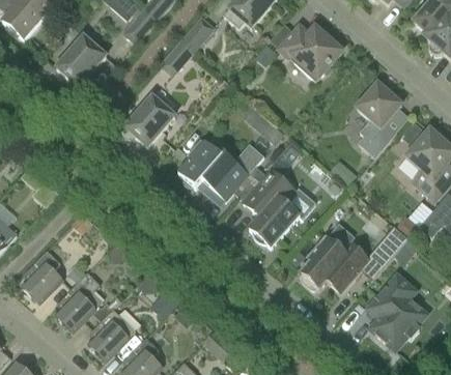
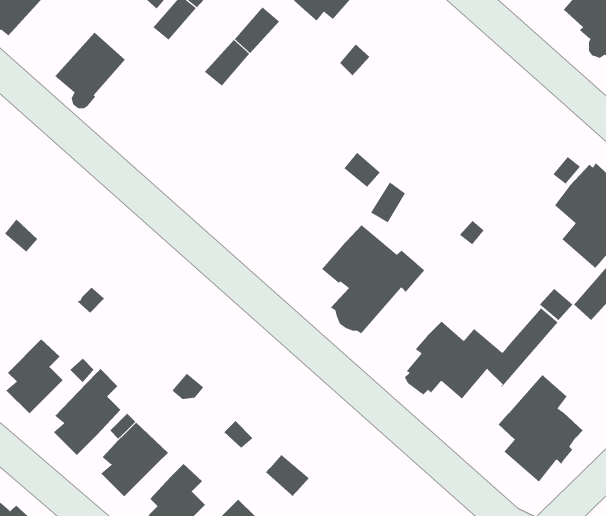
building: [279,26,340,81] -> none
building: [356,81,401,157] -> none
building: [121,89,174,146] -> none
building: [177,138,263,200] -> none

